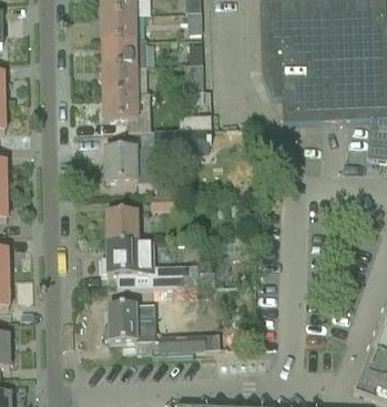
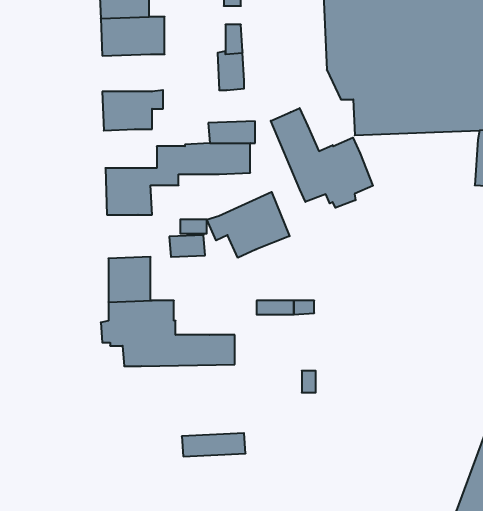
building: [102,65,138,92] -> none
building: none -> [271,108,373,208]
building: none -> [207,192,290,258]
building: [104,304,155,342] -> none

